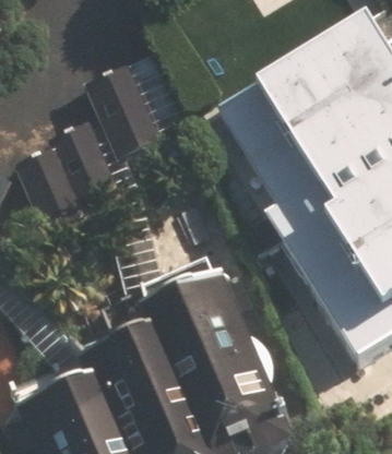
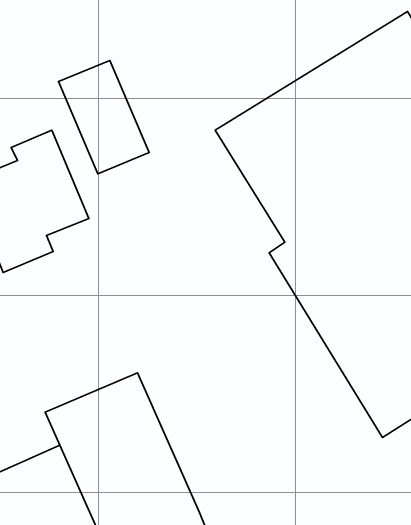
building: [150,267,283,429] -> none

